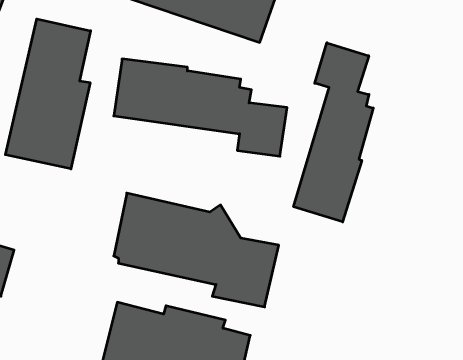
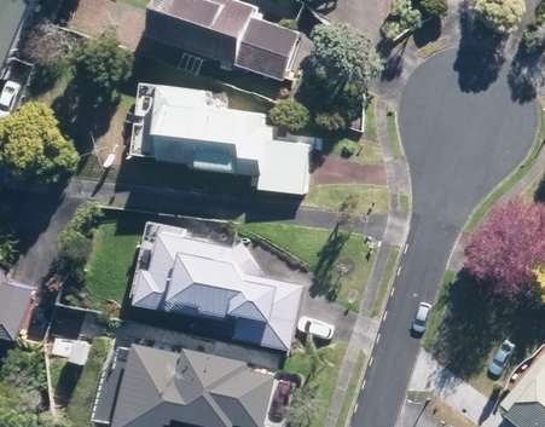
building: [5,19,91,169] -> none
building: [294,43,373,222] -> none

